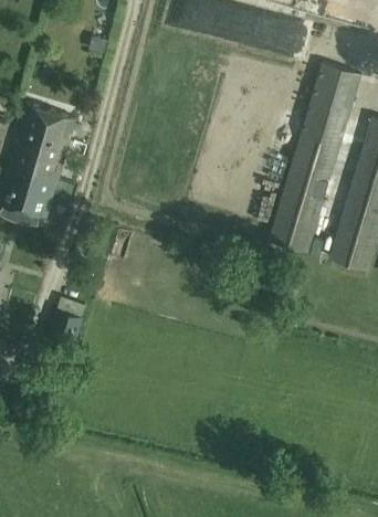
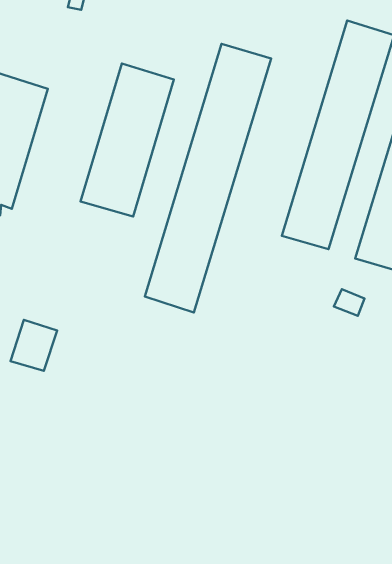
building: none -> [145,44,271,312]
building: none -> [81,64,174,216]

